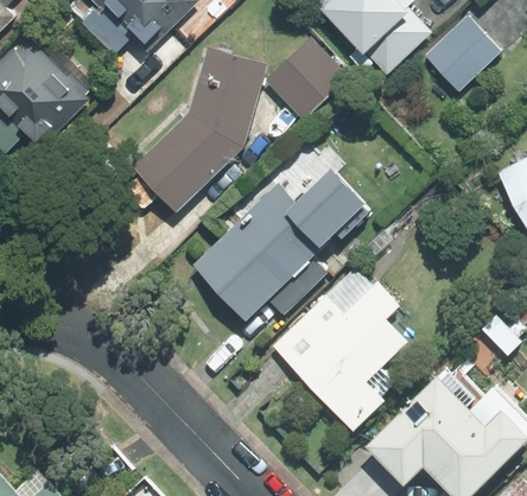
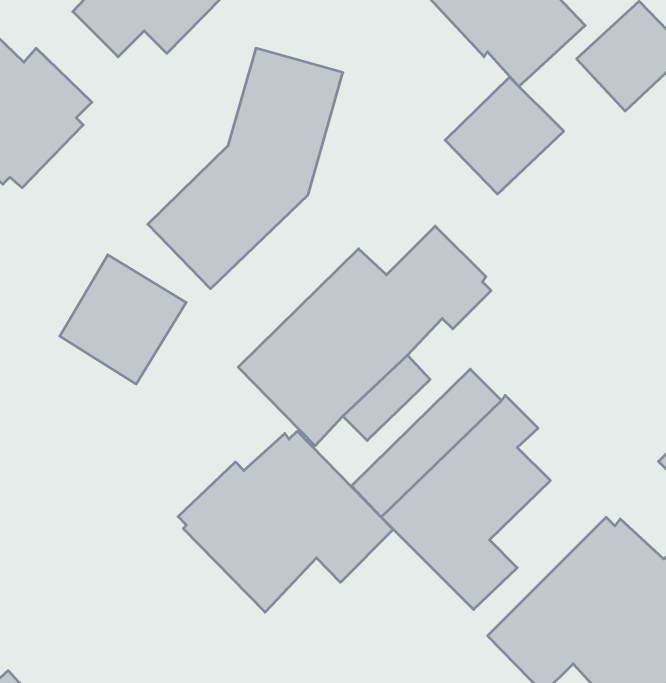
building: [266,38,347,117] -> [445,77,564,194]
building: none -> [60,255,186,384]
building: none -> [178,431,393,612]

